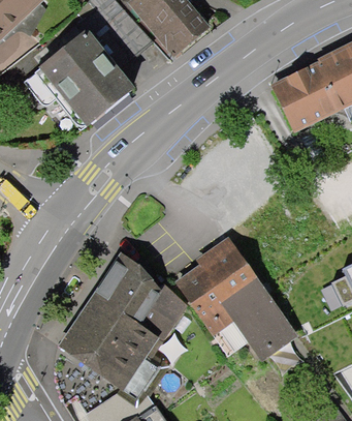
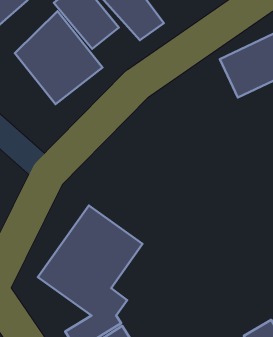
building: [175,231,301,362] -> none

